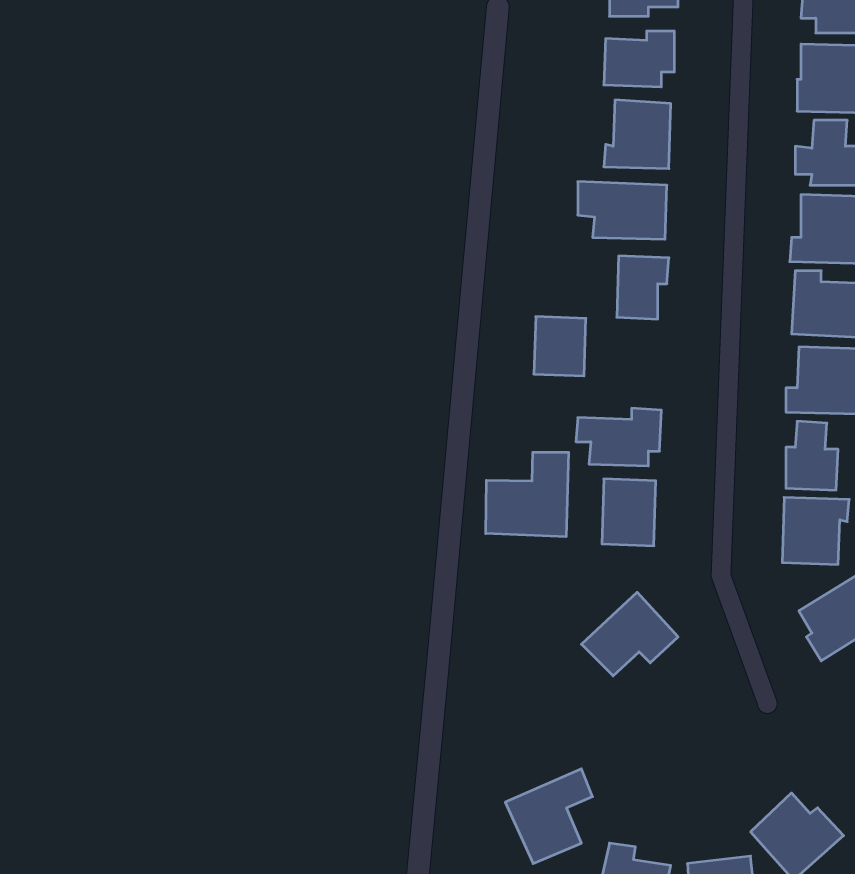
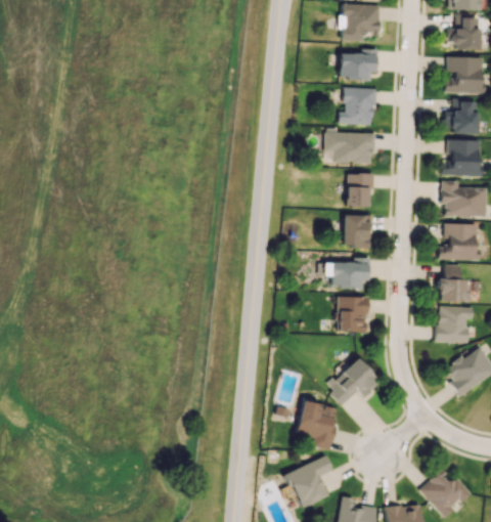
building: [534,317,586,376] -> [343,215,371,248]
building: [486,452,569,537] -> none
building: none -> [296,401,339,450]

